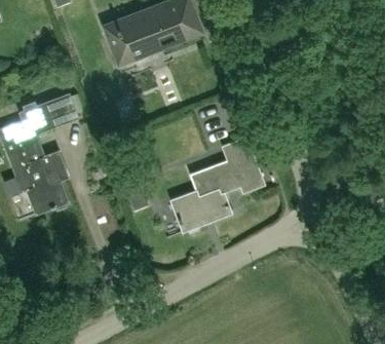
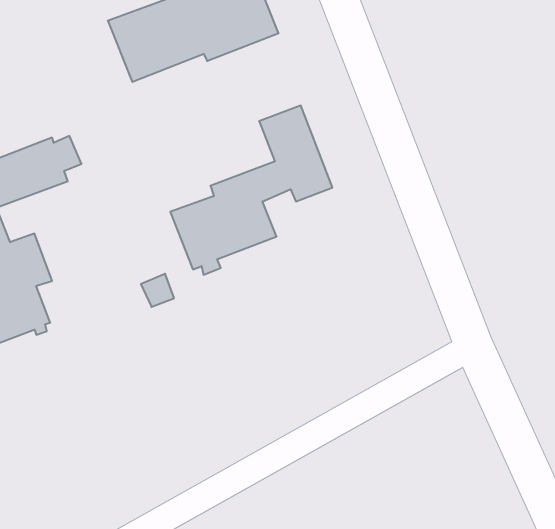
building: [168,138,264,237] -> [170,106,332,275]

